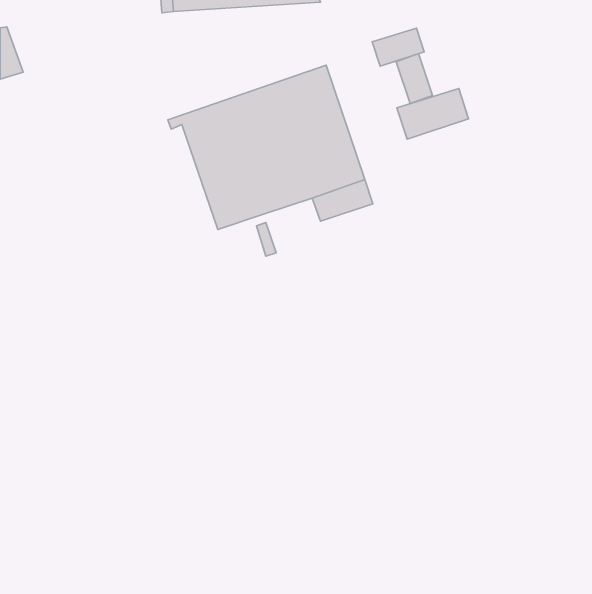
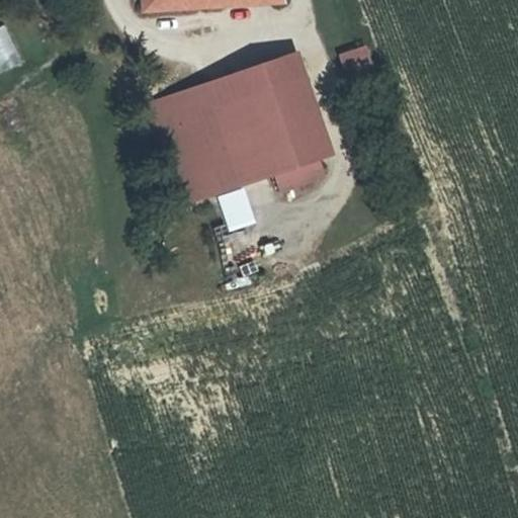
building: [372,28,424,66] -> none
building: [397,89,468,139] -> none

